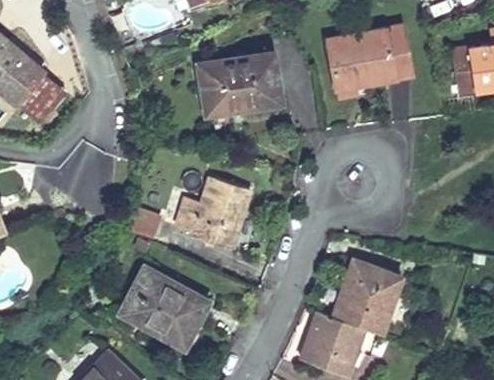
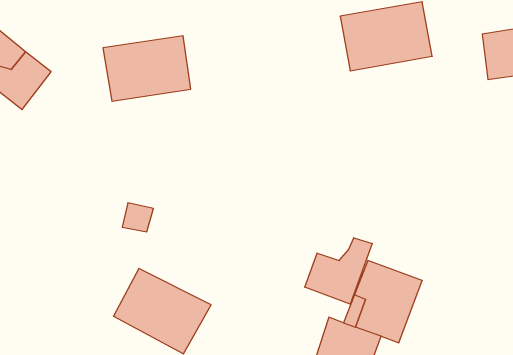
building: [200,54,279,113] -> [103,36,191,101]
building: [173,177,248,247] -> none
building: none -> [305,238,372,304]

